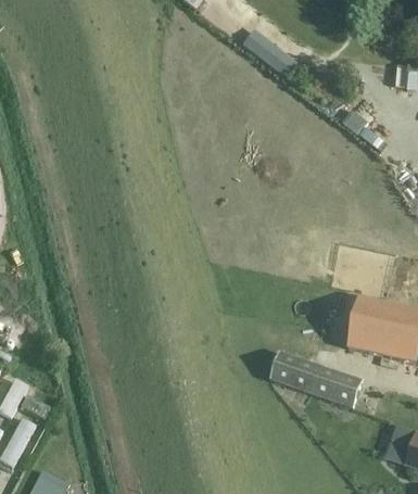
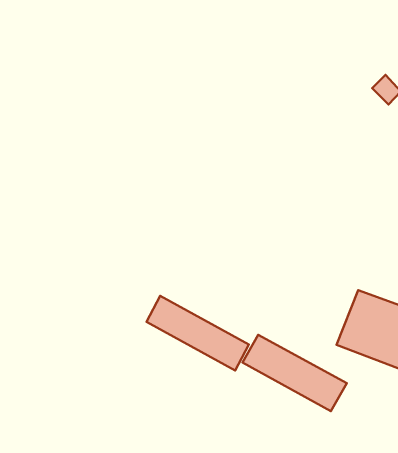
building: none -> [146,296,249,370]

